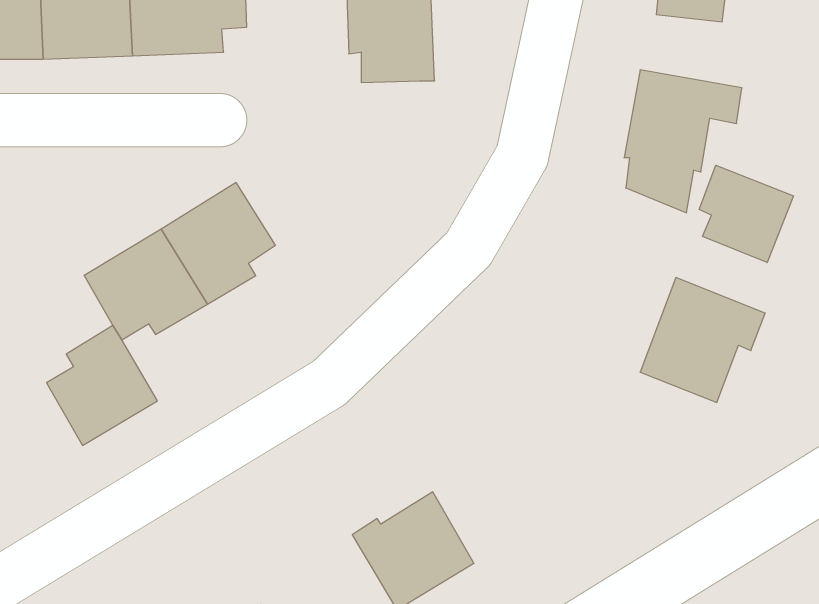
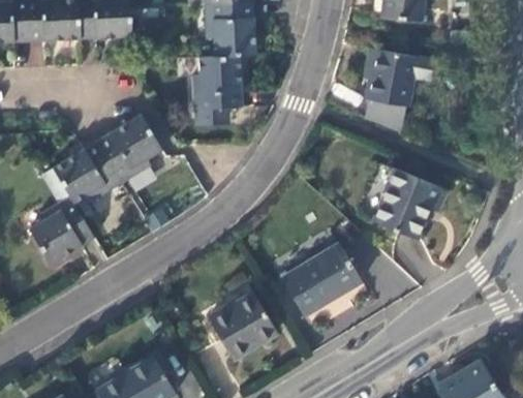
building: none -> [192,55,248,126]
building: [699,165,793,263] -> none
building: none -> [281,244,362,317]

